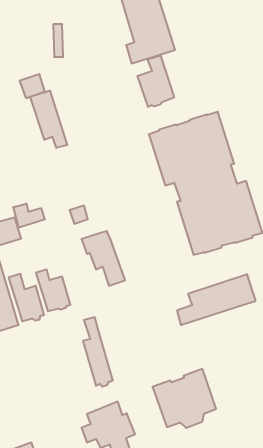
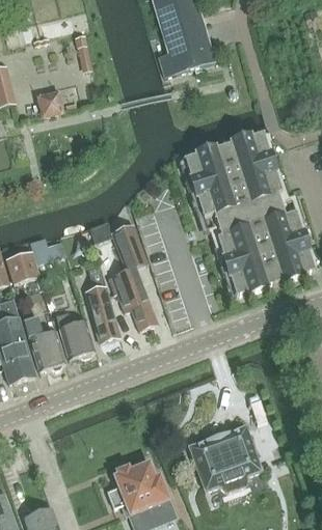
building: [137,55,174,107] -> none
building: [30,90,67,148] -> none
building: none -> [111,224,147,271]
building: [177,274,255,325] -> none
building: [83,317,113,387] -> [85,264,119,343]

